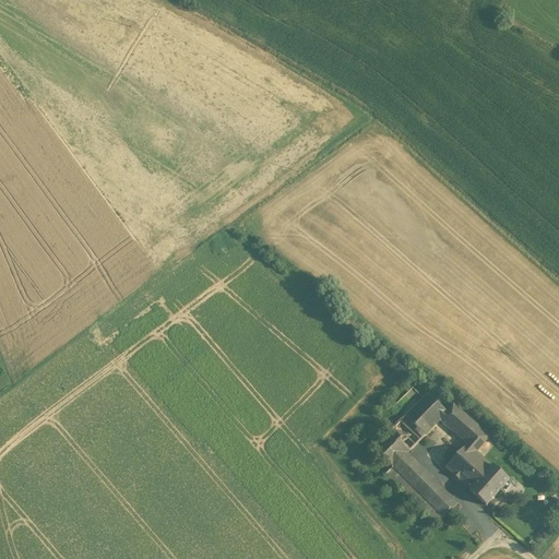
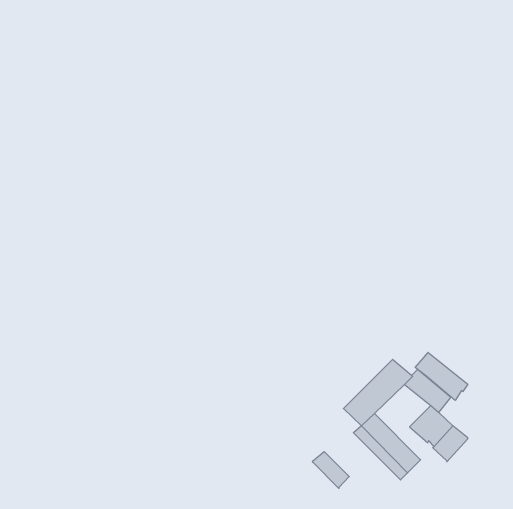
building: none -> [415,352,468,400]
building: none -> [312,452,349,488]

